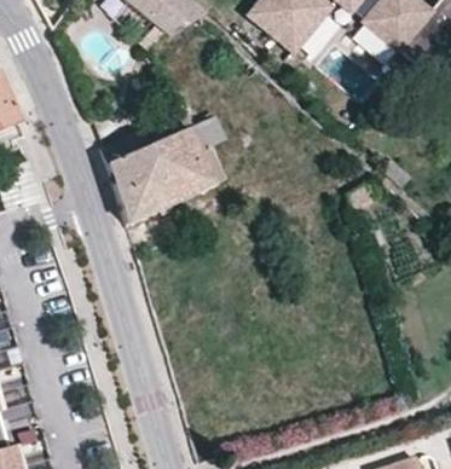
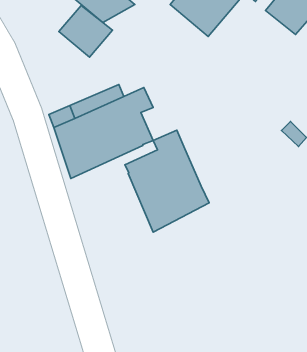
building: none -> [59,5,113,57]
building: none -> [125,130,209,232]

